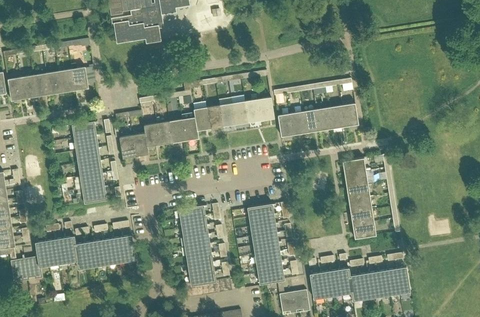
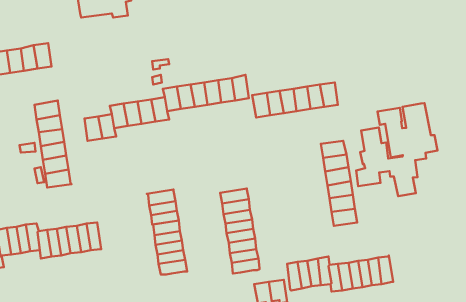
building: none -> [356,103,437,196]

